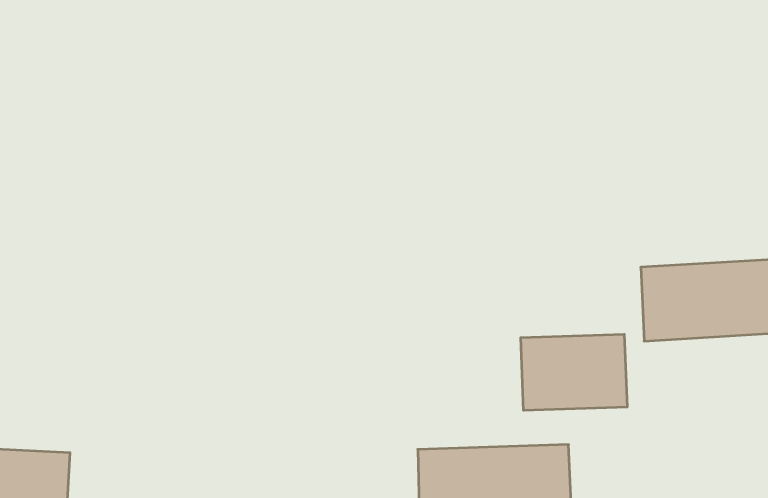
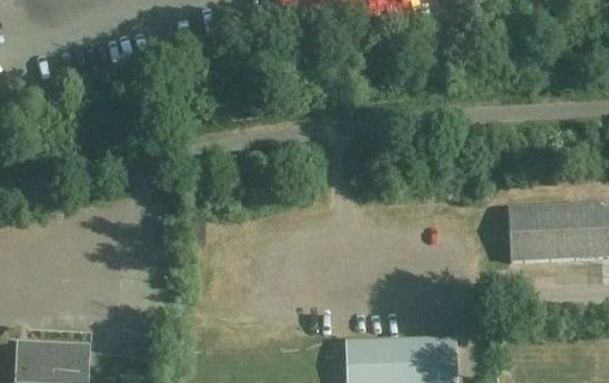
building: [521,334,627,410] -> none

